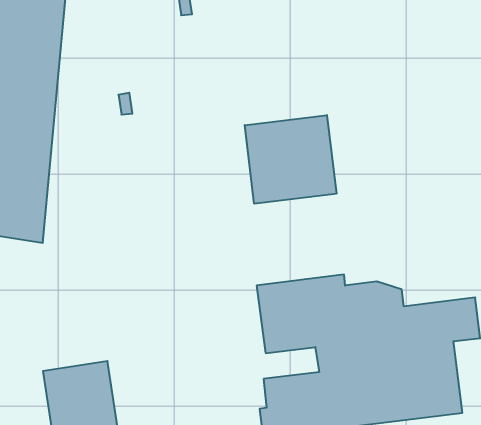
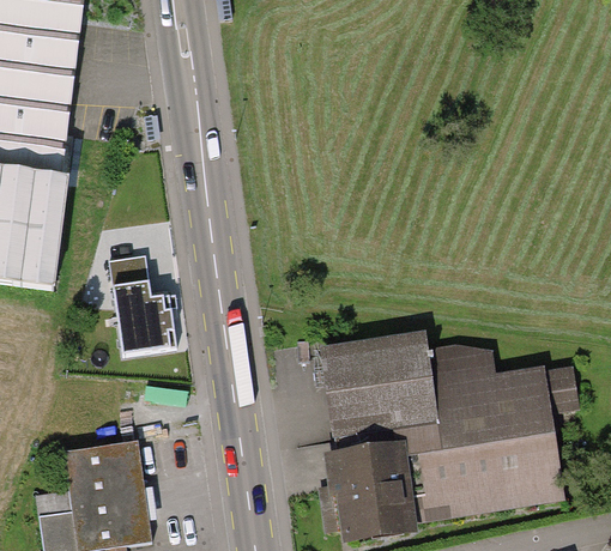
building: [245,115,336,204] -> none
building: none -> [111,255,177,357]

